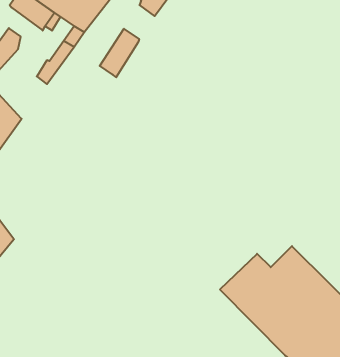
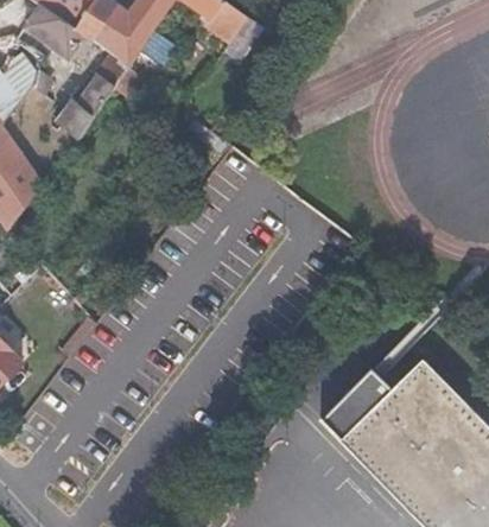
building: [100,29,139,77] -> none

